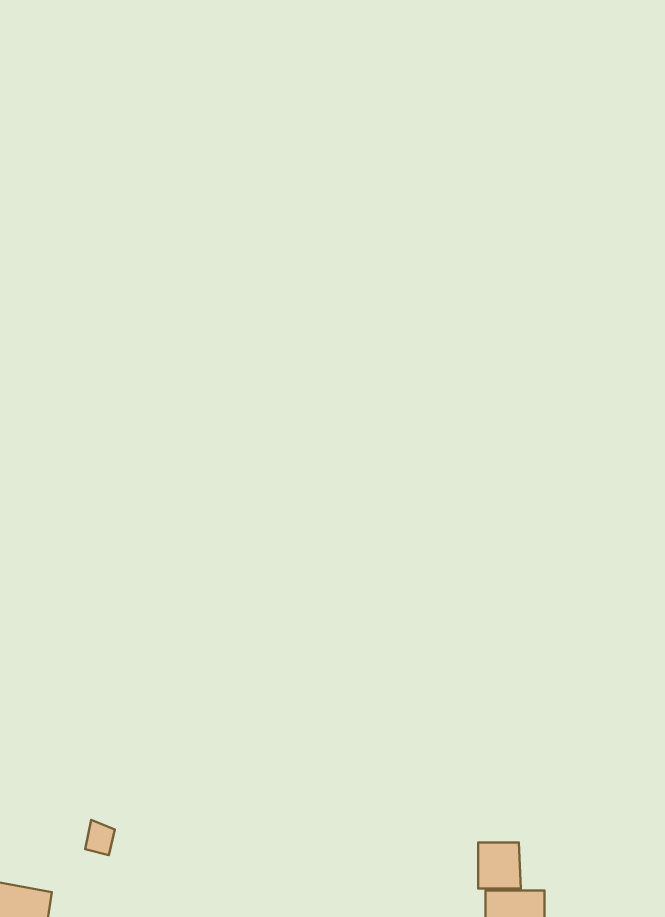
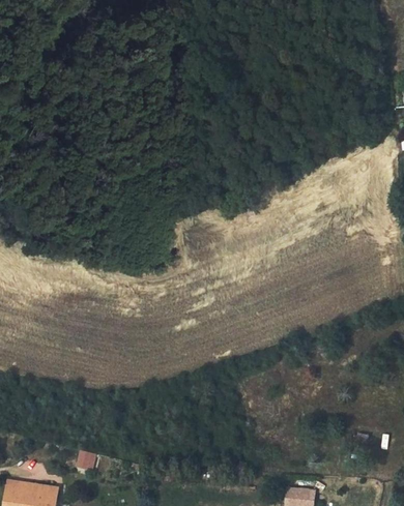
building: [478,843,521,889] -> none

